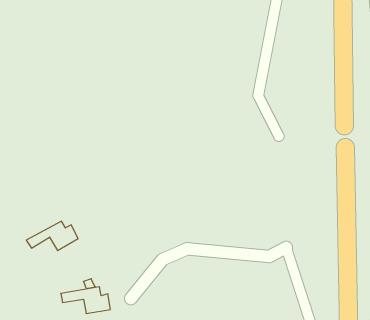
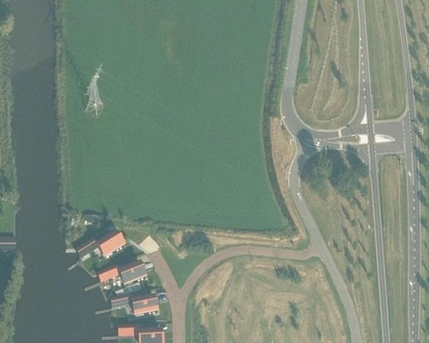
building: none -> [97,258,145,285]

